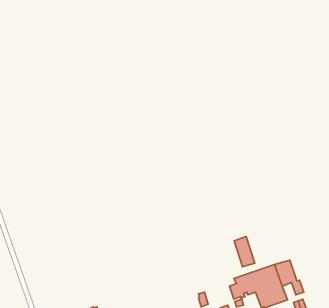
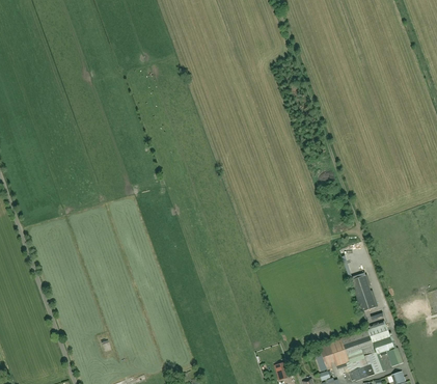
building: [234,236,255,267] -> [351,275,376,311]

